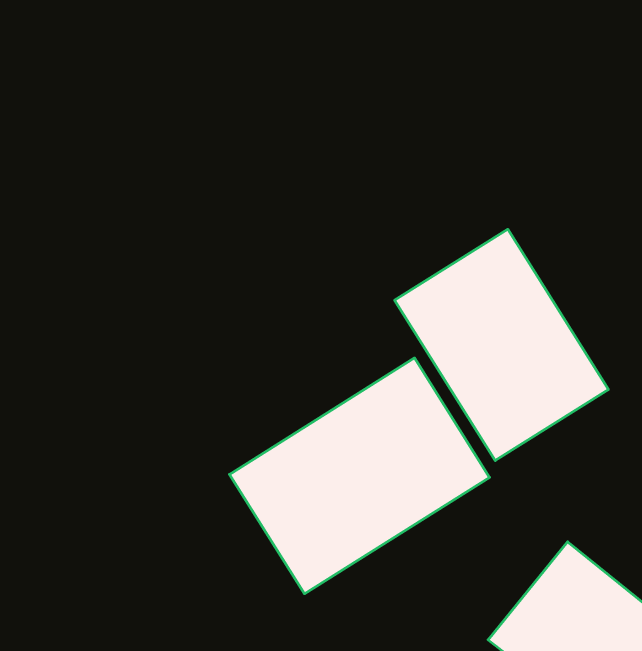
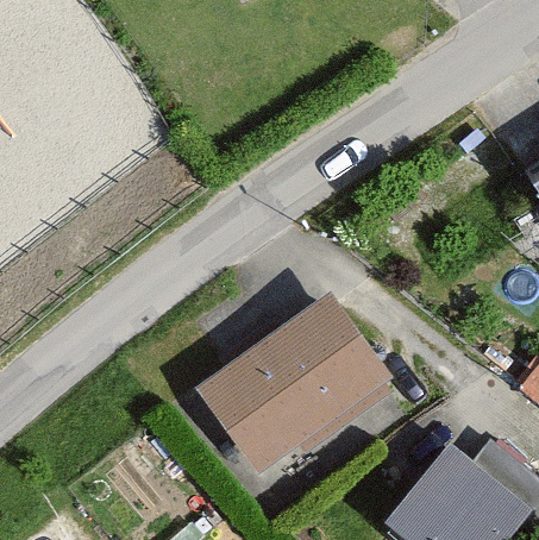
building: [395,229,608,461] -> none

